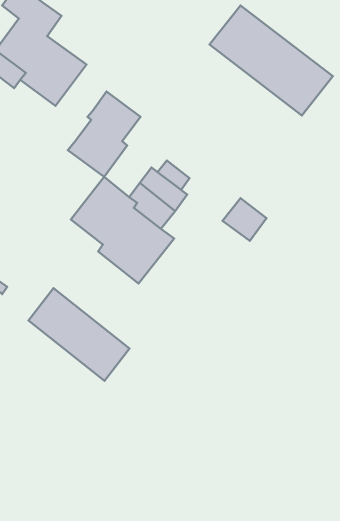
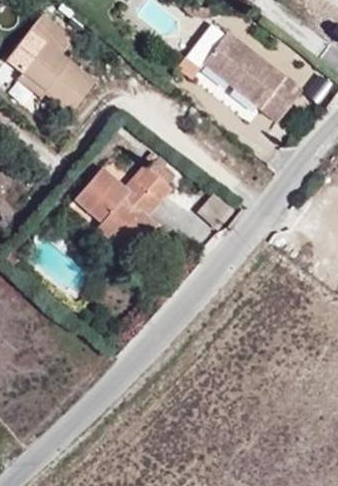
building: [68,91,140,177] -> none
building: [28,288,130,381] -> none

